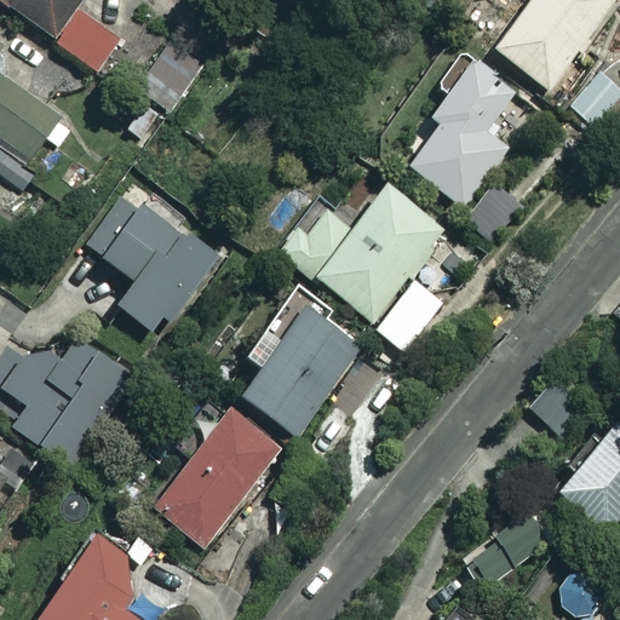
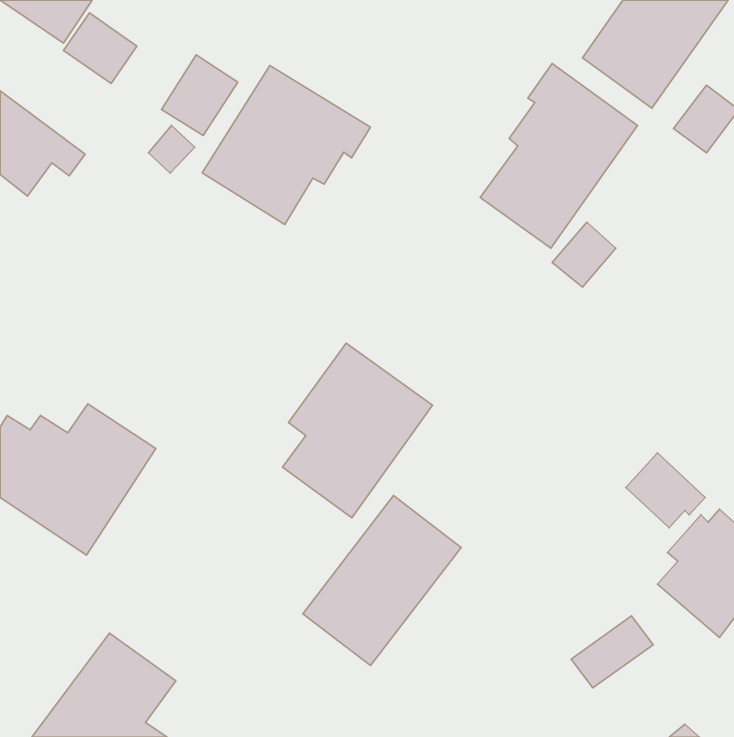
building: none -> [202,65,370,224]
building: [276,183,446,350] -> none
building: [84,186,219,338] -> none
building: [150,407,283,550] -> [303,495,461,666]

